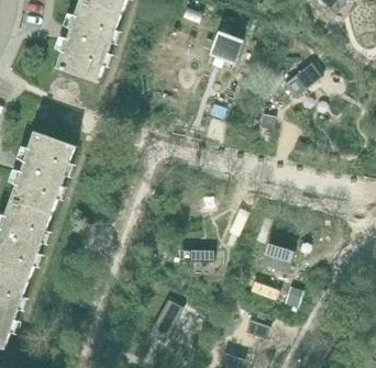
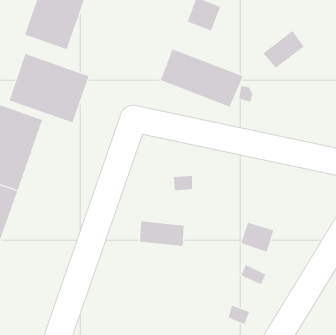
building: none -> [160,49,244,108]
building: none -> [9,53,89,123]
building: [150,299,183,338] -> none

